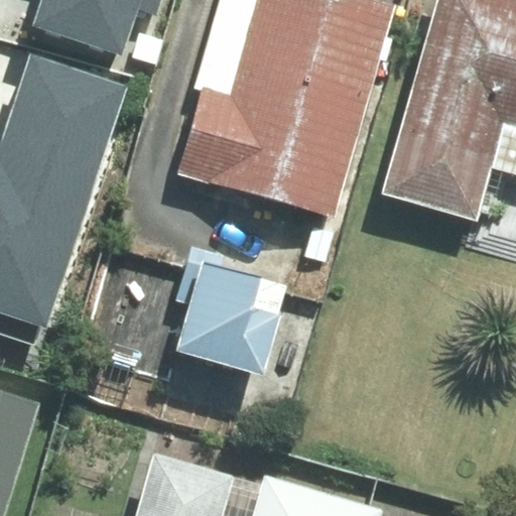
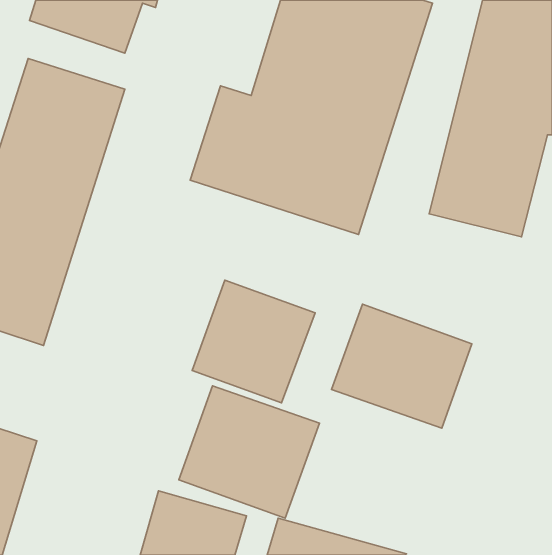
building: none -> [332,304,472,428]
building: none -> [179,386,319,518]

